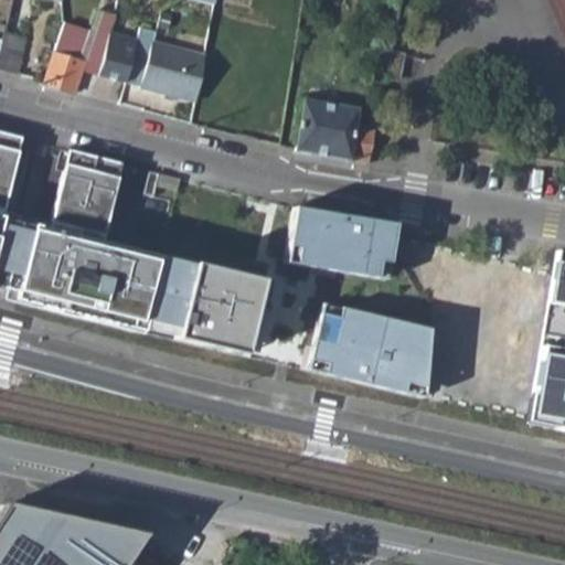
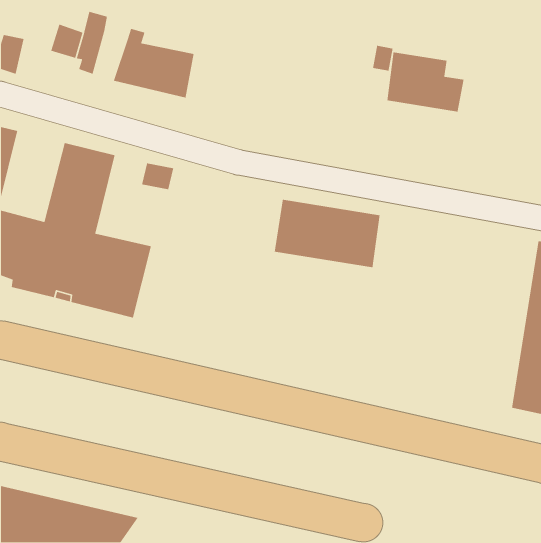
building: [102,33,137,83] -> none
building: [45,53,89,95] -> none
building: [298,98,379,161] -> [386,52,464,112]
building: [143,254,266,352] -> none
building: [310,300,434,394] -> none

